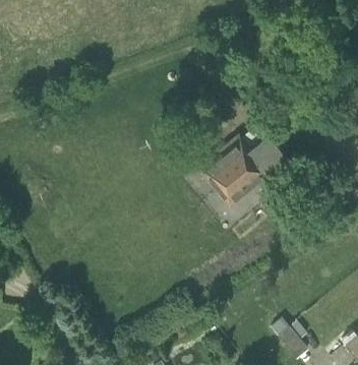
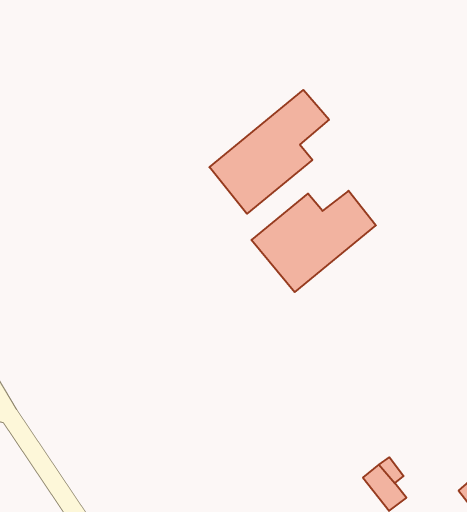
building: none -> [209,90,329,214]

